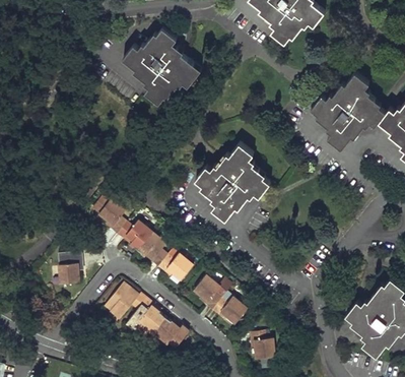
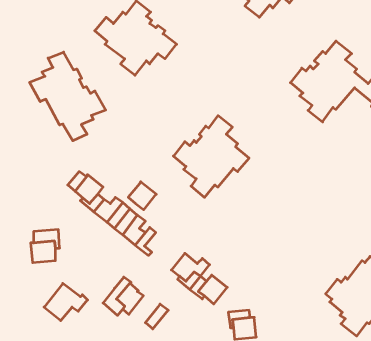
building: none -> [30,52,106,141]
building: [167,254,195,281] -> [128,182,156,210]
building: [105,284,147,320] -> [44,283,88,321]
building: [152,318,181,344] -> none

